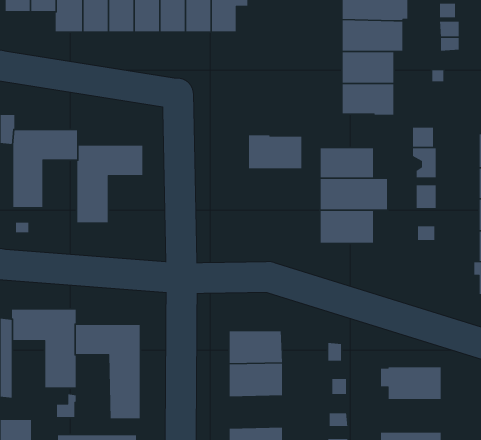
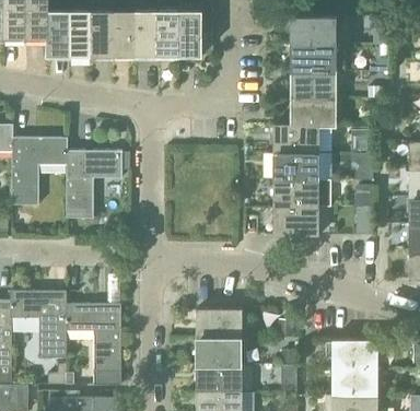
building: [248,135,302,169] -> [273,125,319,154]
building: none -> [196,366,242,394]
building: none -> [331,369,377,397]

